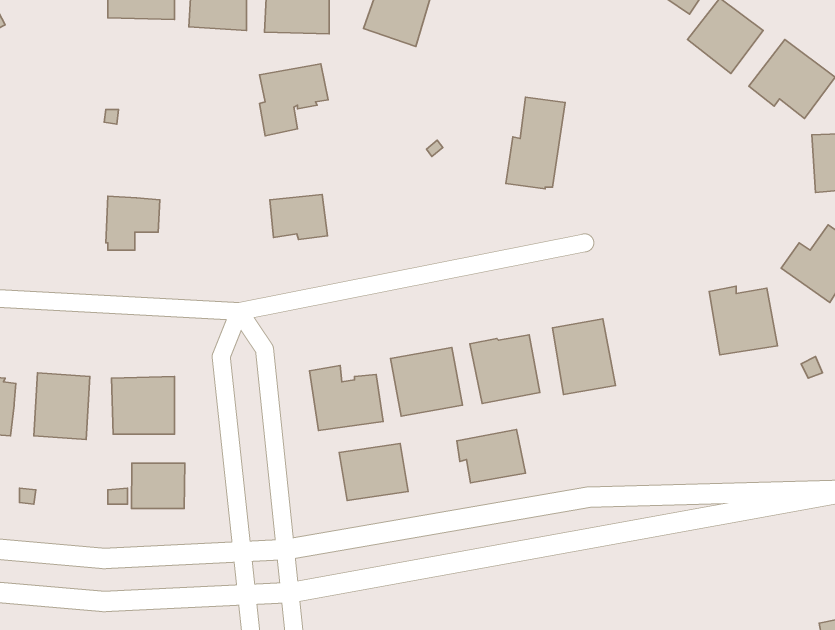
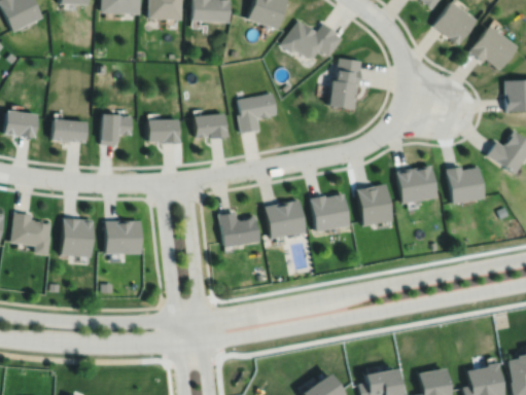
building: none -> [281,20,344,59]
building: [260,64,328,136] -> [239,93,278,134]
building: none -> [52,119,87,143]
building: none -> [148,119,179,144]
building: none -> [396,166,436,205]
building: [457,429,526,483] -> none
building: [339,443,408,501] -> none
building: [131,463,185,509] -> none

